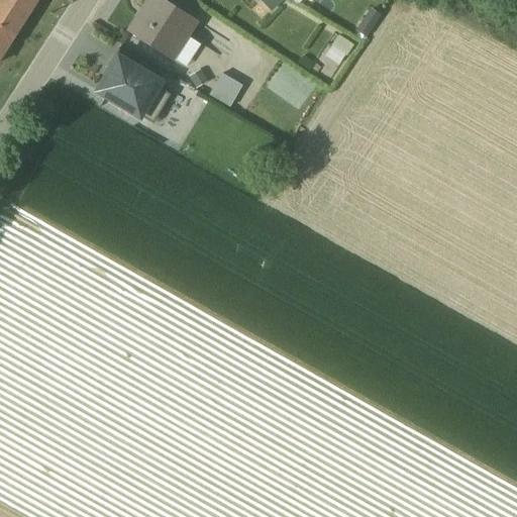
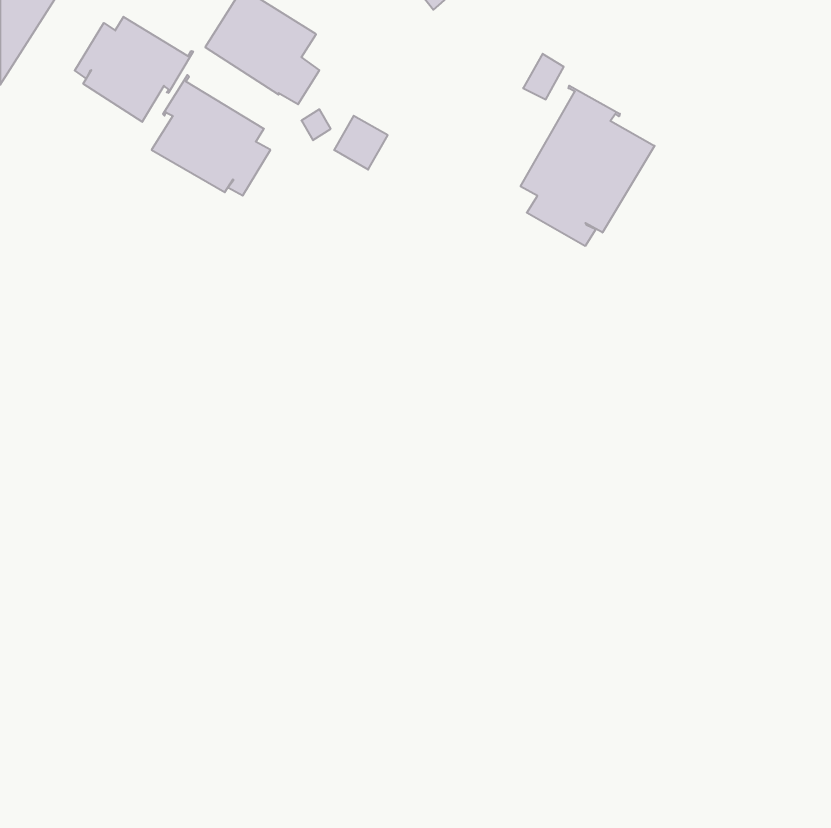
building: none -> [75,17,193,122]
building: none -> [521,86,655,246]

